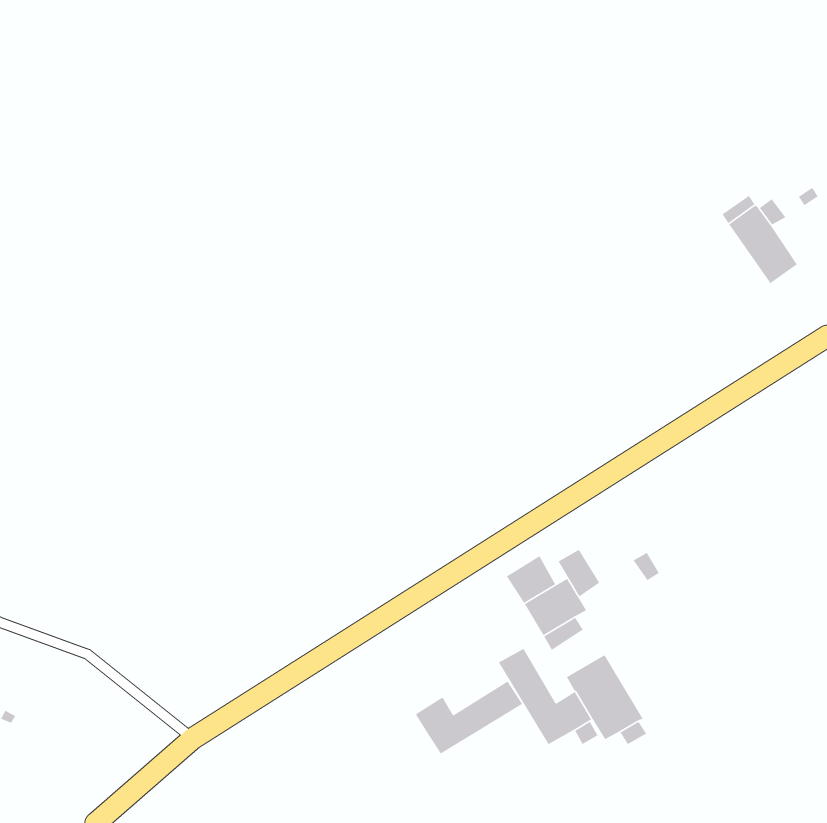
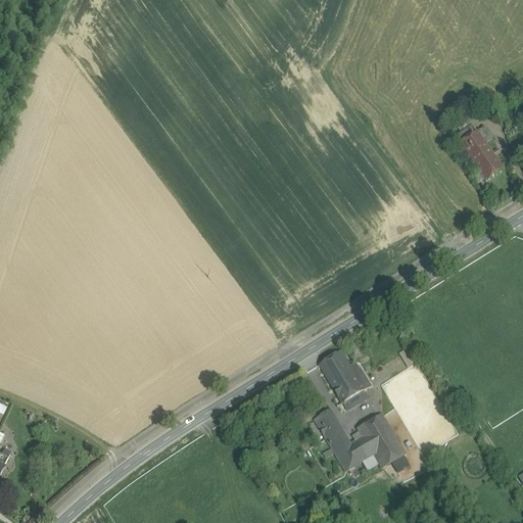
building: [558,549,600,597] -> none
building: [415,681,523,754] -> none

